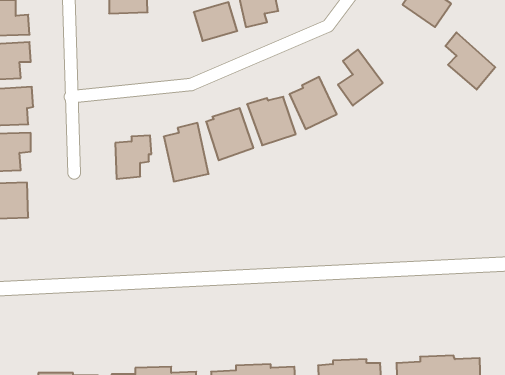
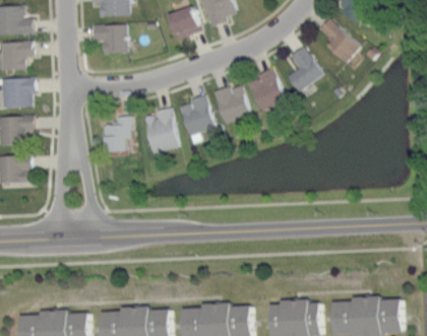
building: none -> [93,22,128,53]
building: [445,32,495,90] -> [319,17,360,64]

